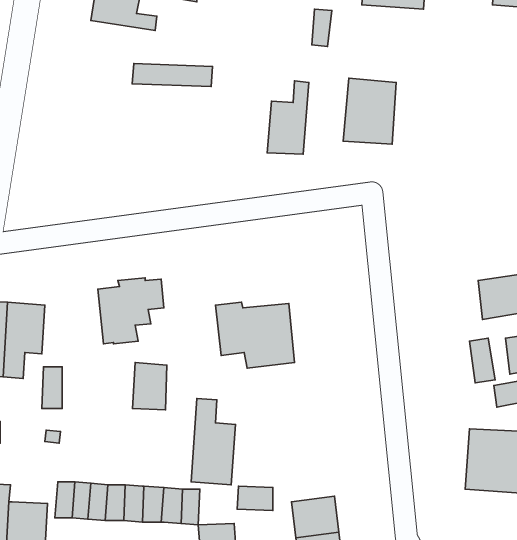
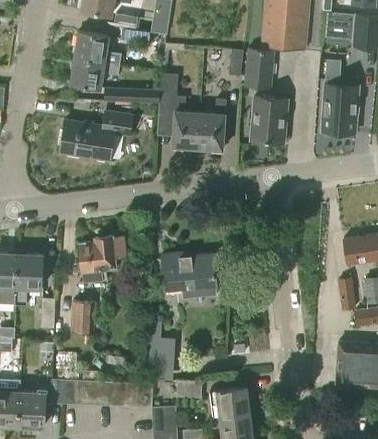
building: none -> [243,48,275,89]
building: none -> [70,57,119,88]
building: none -> [322,60,359,135]
building: none -> [158,74,200,149]
building: none -> [59,111,132,160]
building: [132,362,167,410] -> [70,300,94,333]

